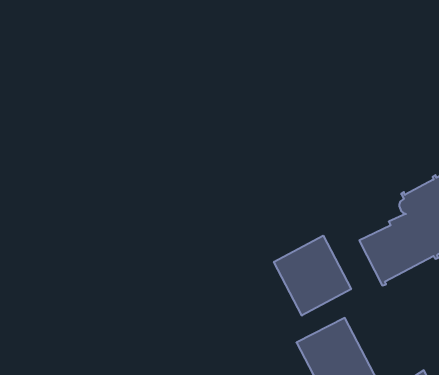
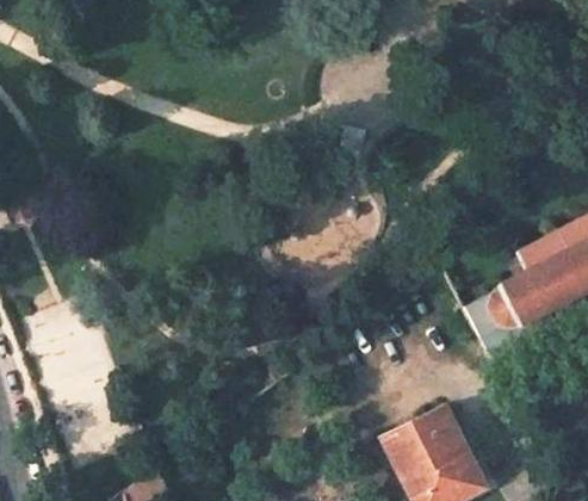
building: [274,236,351,316] -> none

